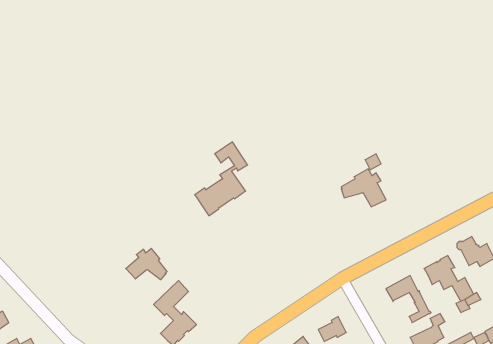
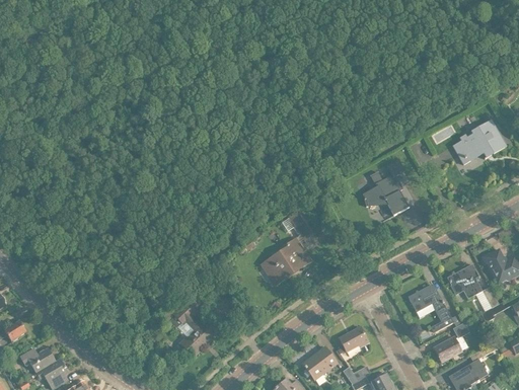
building: none -> [452,120,506,164]
building: [195,142,248,216] -> [260,211,313,286]
building: [126,248,167,280] -> none

